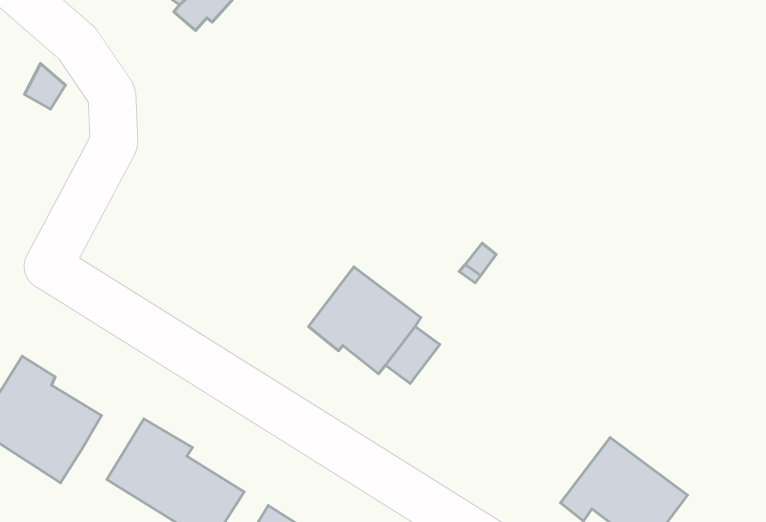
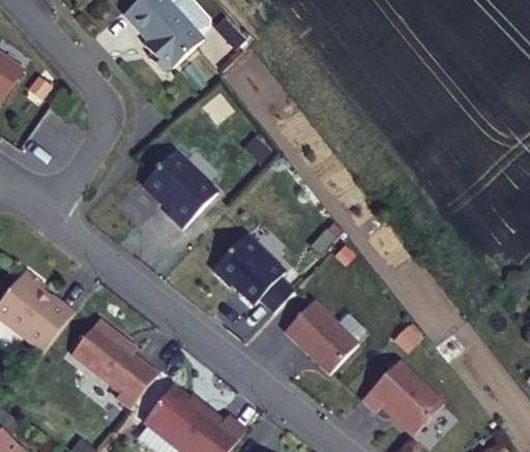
building: none -> [142,151,215,229]
building: none -> [284,301,356,373]

